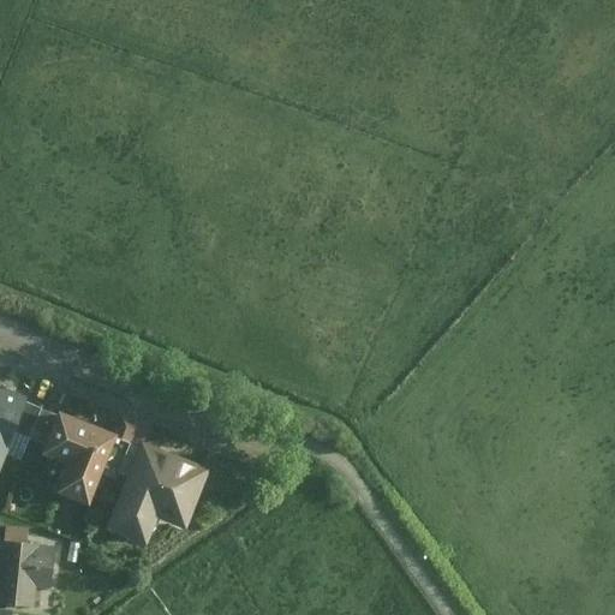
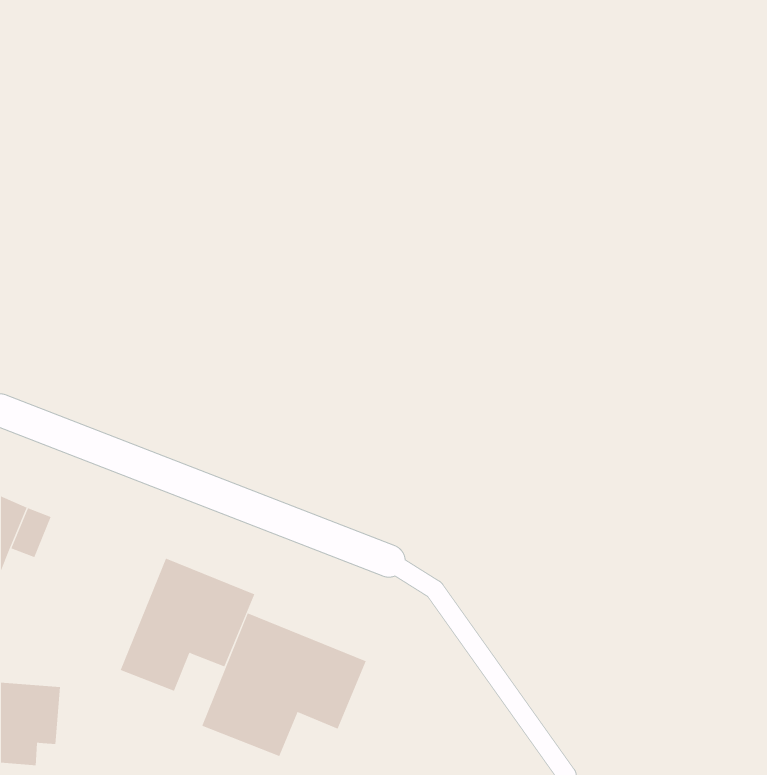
building: [36,408,113,504] -> none
building: none -> [202,613,367,757]

